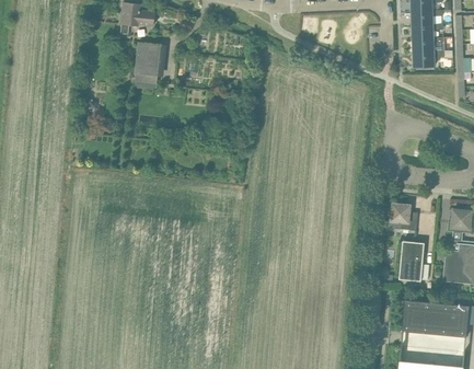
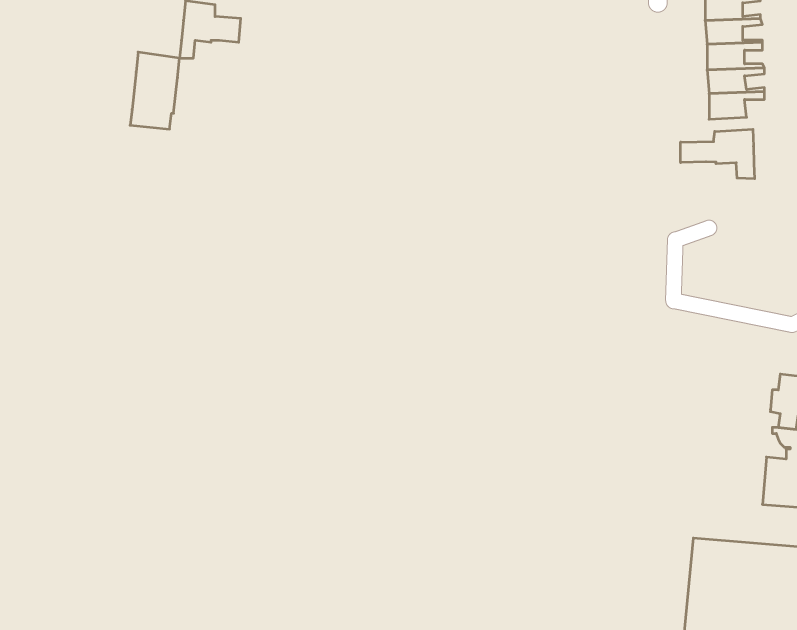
building: [134,42,161,84] -> [130,52,180,129]
building: none -> [681,129,755,179]
building: [388,204,417,230] -> none
building: [398,241,424,280] -> none

